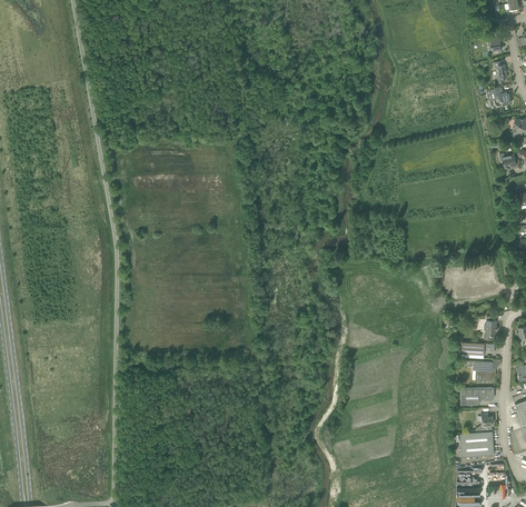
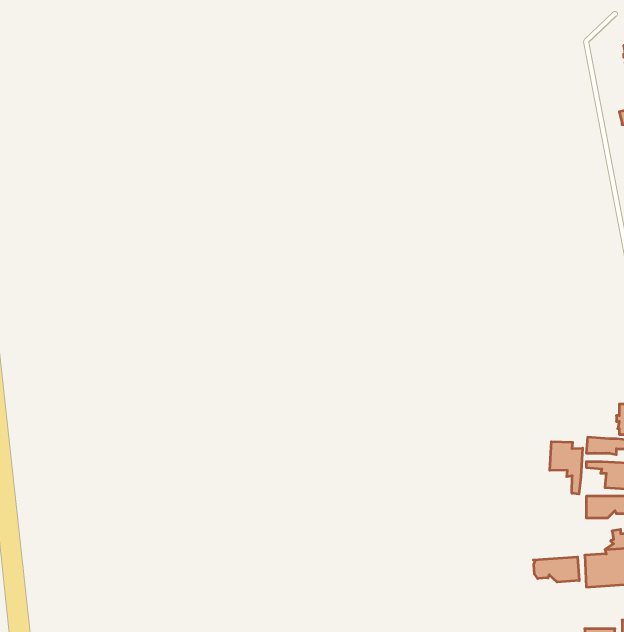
building: none -> [550,442,583,494]
building: none -> [533,557,579,582]

